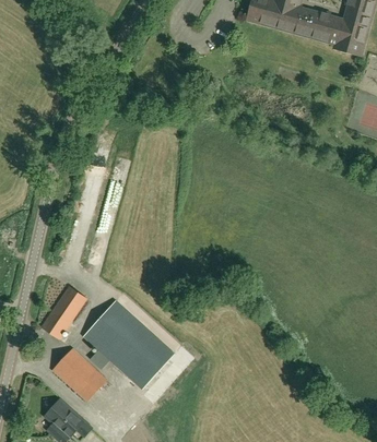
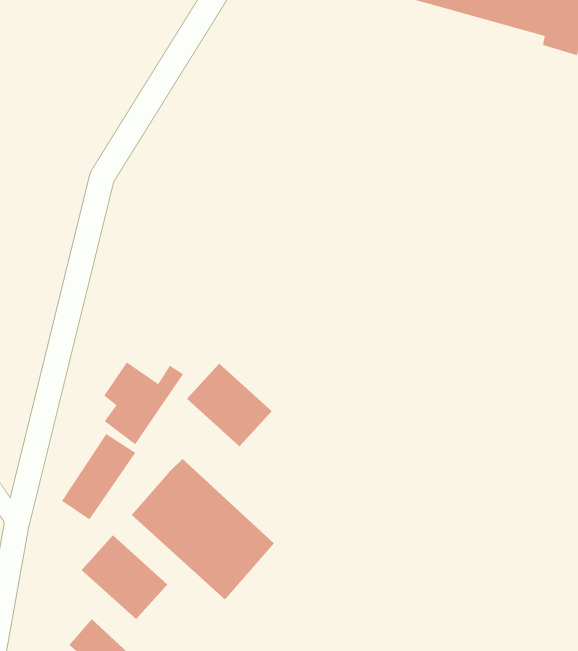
building: none -> [103,362,184,445]
building: none -> [186,363,272,447]

